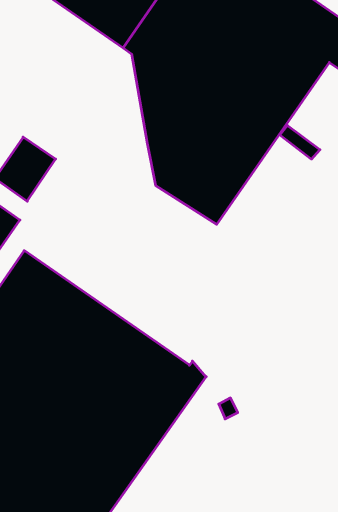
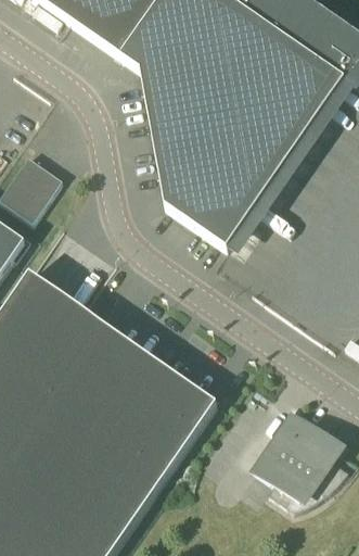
building: none -> [254,407,348,506]

